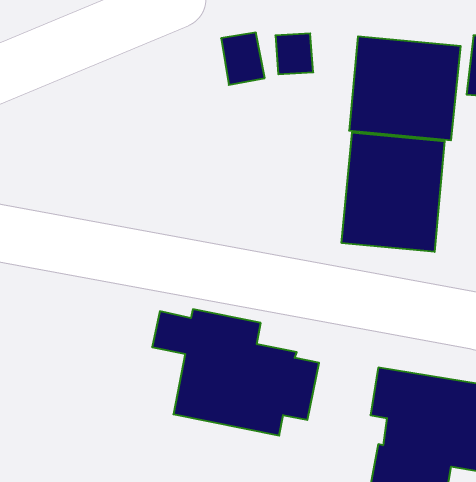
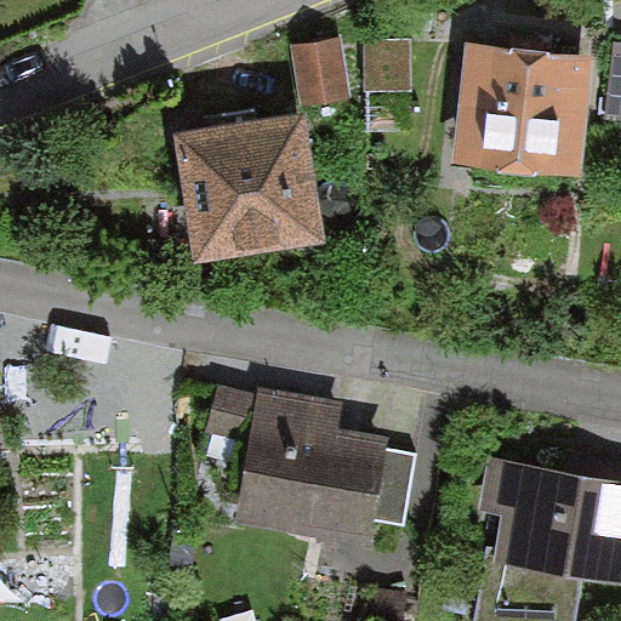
building: none -> [180,116,321,255]
building: [342,132,444,252] -> none

